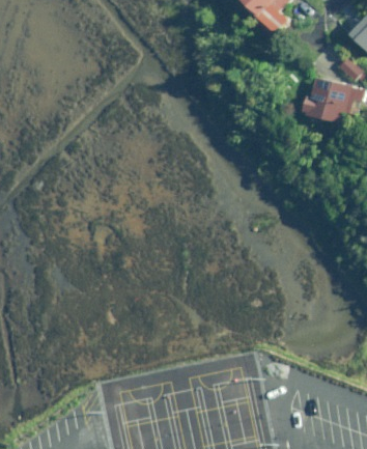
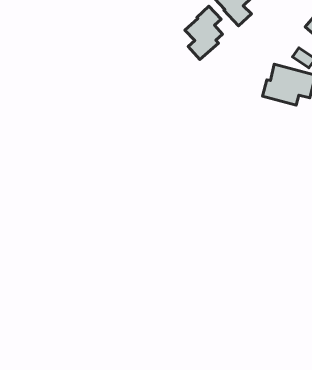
building: none -> [185,6,223,59]

